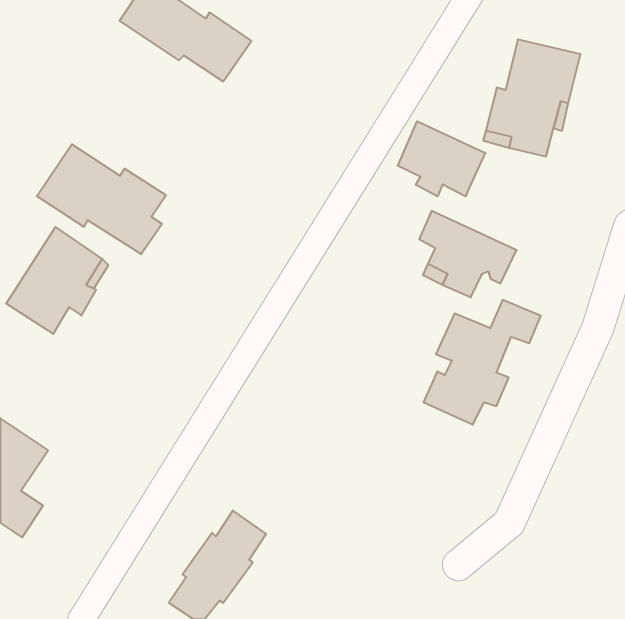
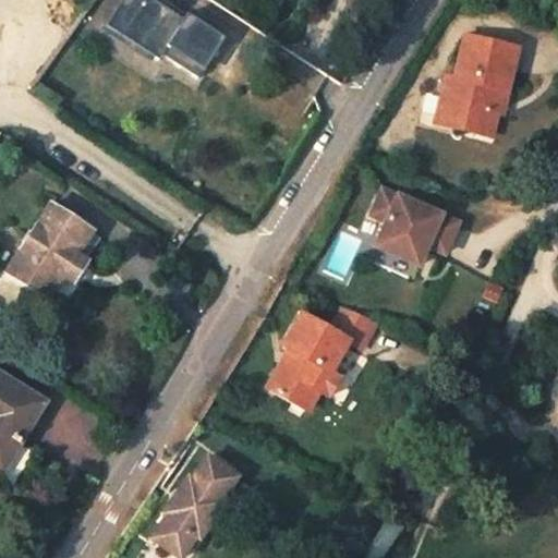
building: [398,121,485,196] -> none
building: [37,144,166,254] -> none
building: [424,300,541,425] -> [265,304,368,414]

